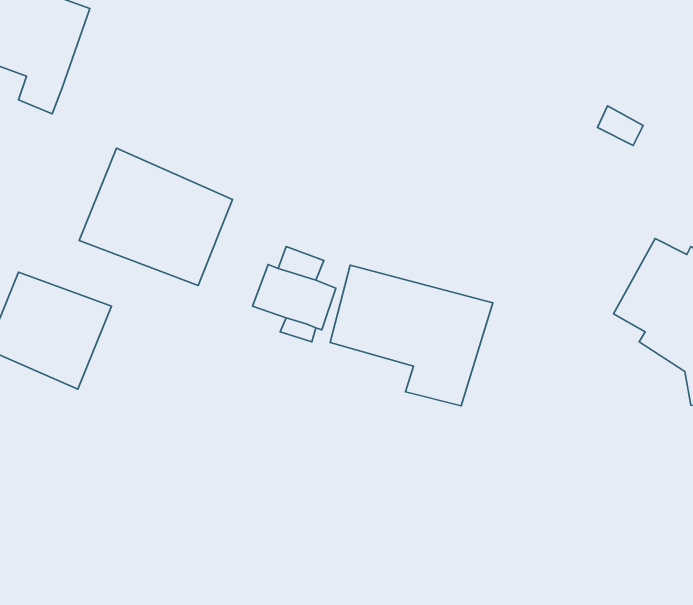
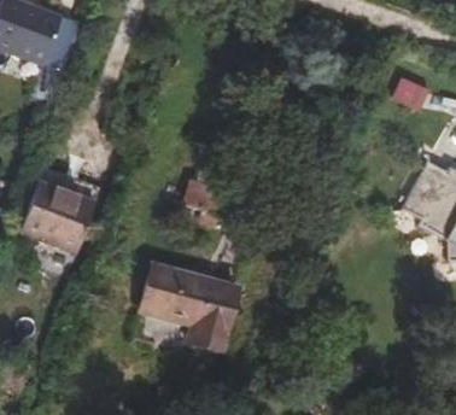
building: [79,148,232,285] -> none
building: [330,265,493,406] -> [139,265,238,351]

